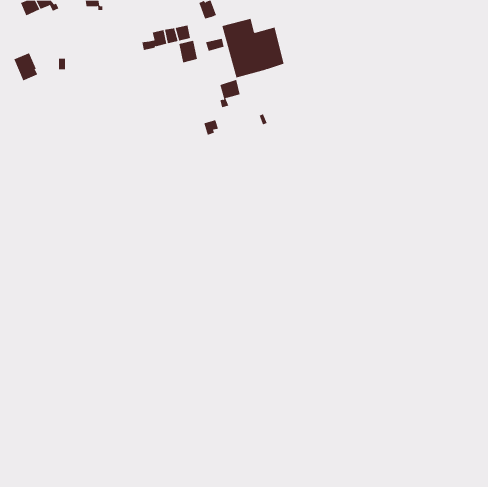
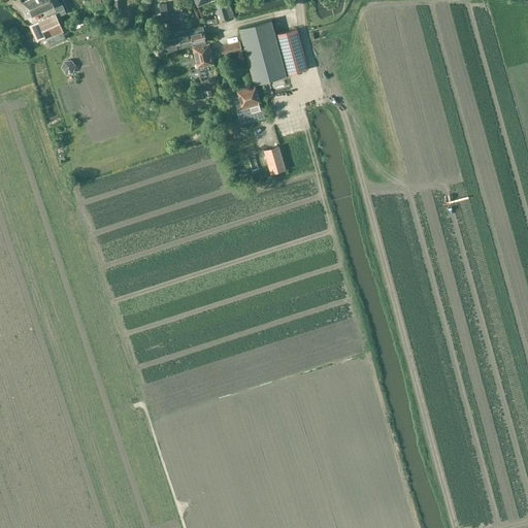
building: [13,52,38,81] -> [38,15,65,46]
building: none -> [262,146,284,174]

